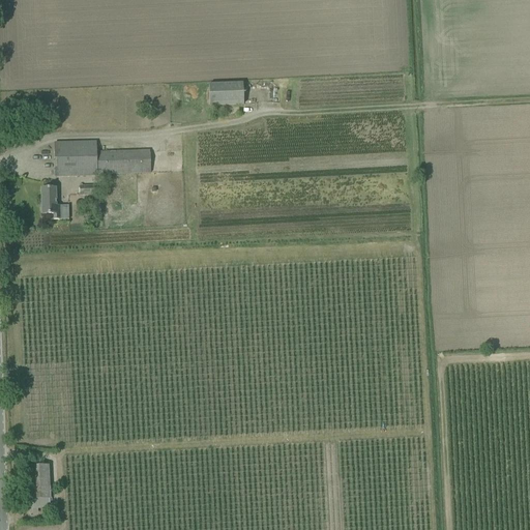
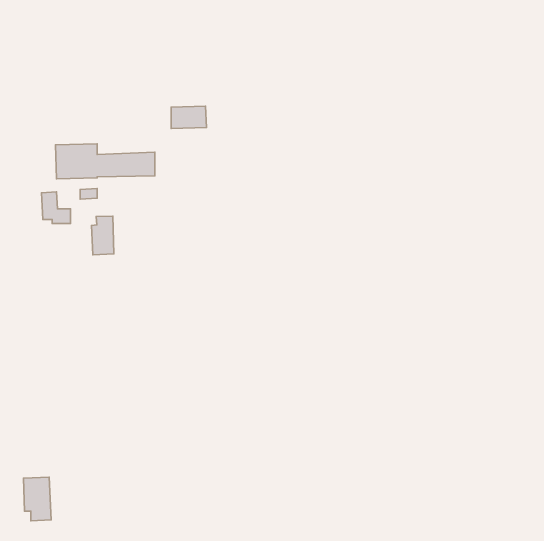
building: [209,82,243,104] -> [171,106,207,128]
building: none -> [92,216,114,255]

